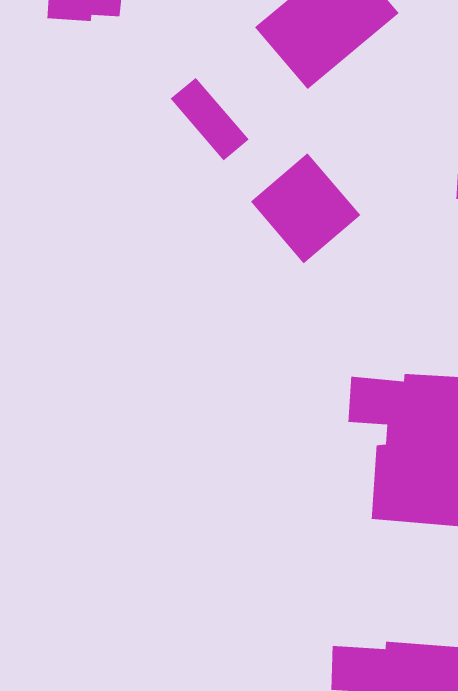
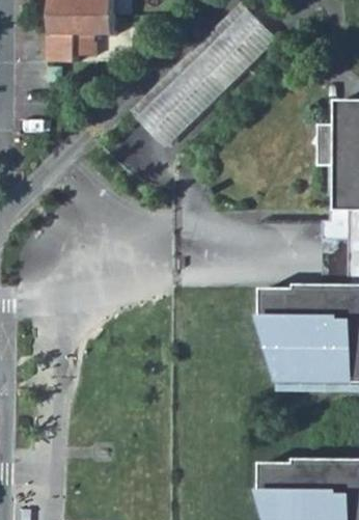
building: [250,152,361,264] -> [144,60,219,135]

